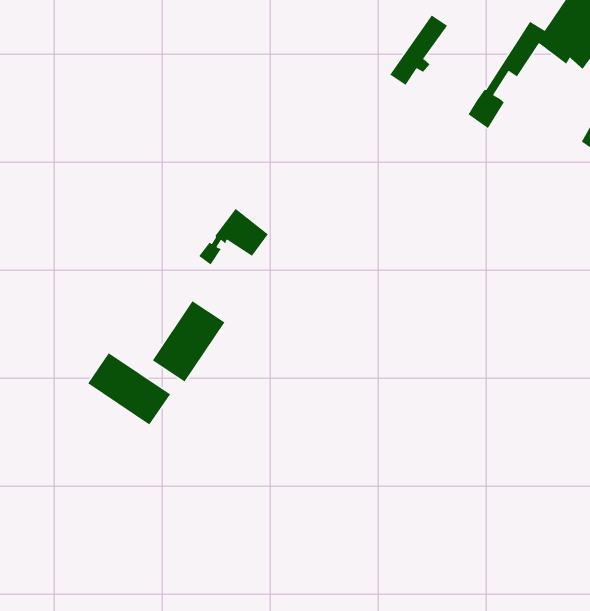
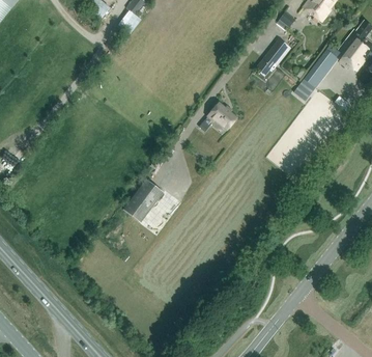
building: [198,208,269,265] -> [200,103,237,132]
building: [87,352,171,426] -> none

